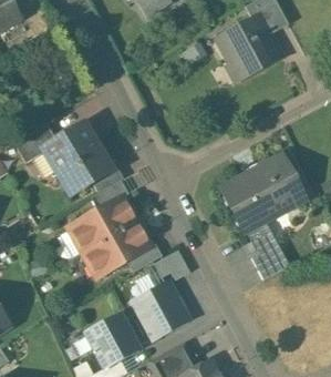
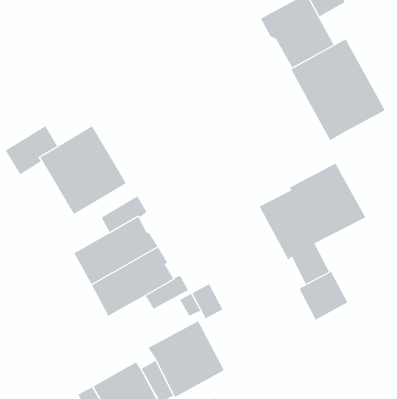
building: none -> [290,38,385,141]

